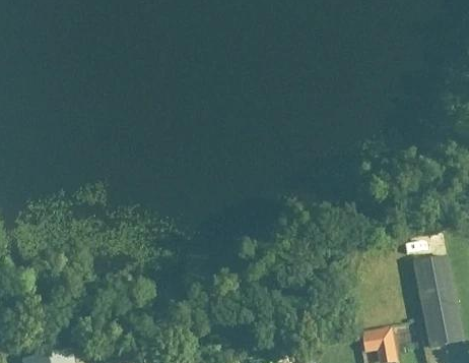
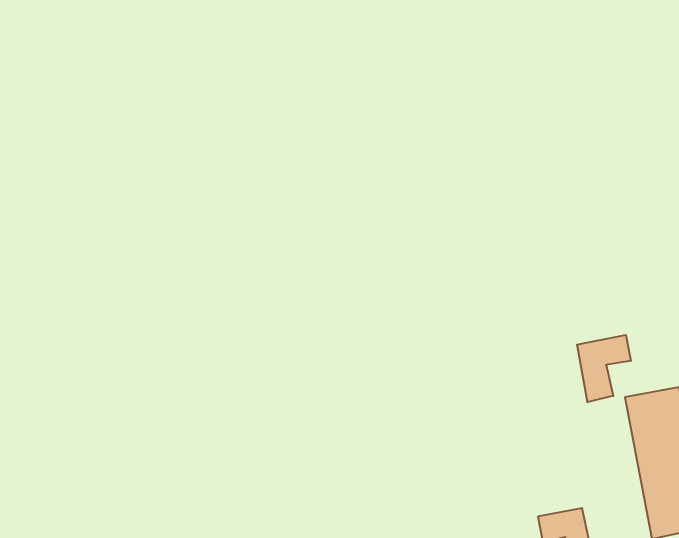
building: none -> [577,335,631,402]

